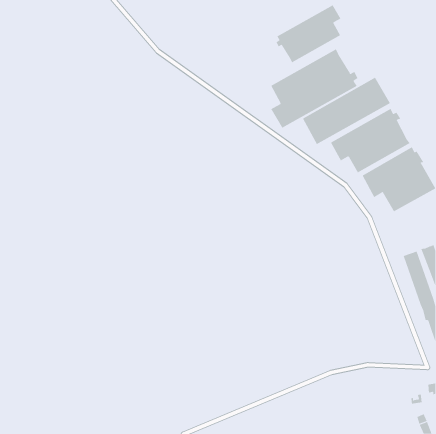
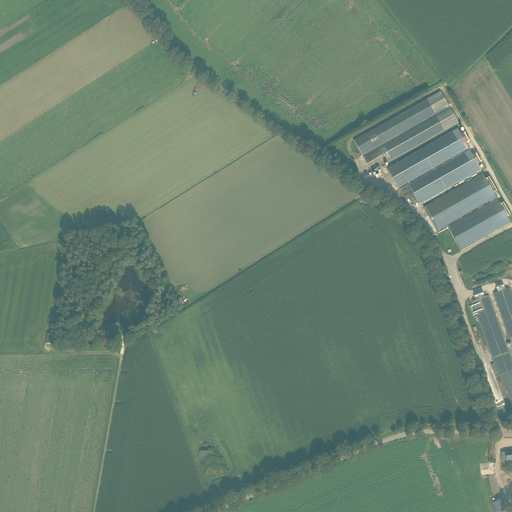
building: [276,5,341,63] -> none
building: [270,49,358,129] -> none

